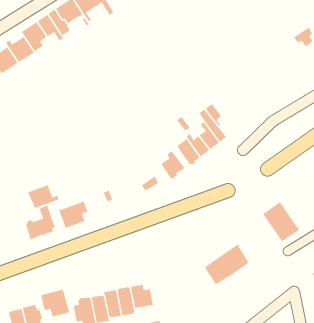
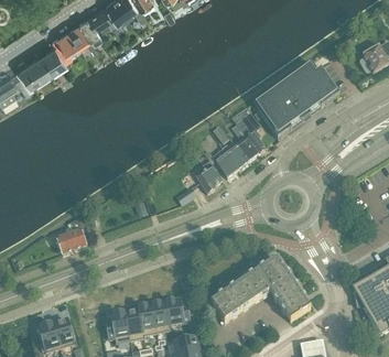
building: none -> [252,64,339,137]
building: [28,184,60,209] -> none
building: [58,201,89,229] -> none
building: [262,201,300,243] -> [270,277,310,320]
building: none -> [209,281,253,321]
building: [40,289,70,318] -> none

